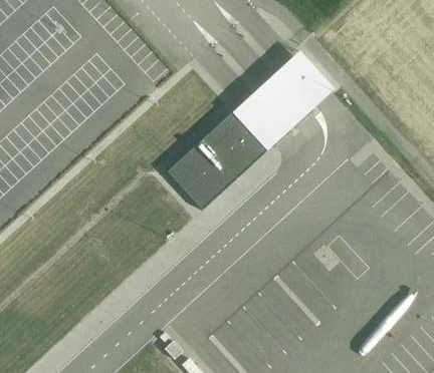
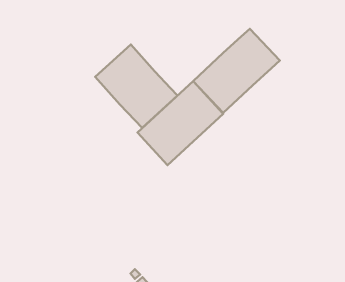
building: none -> [95,45,178,128]

